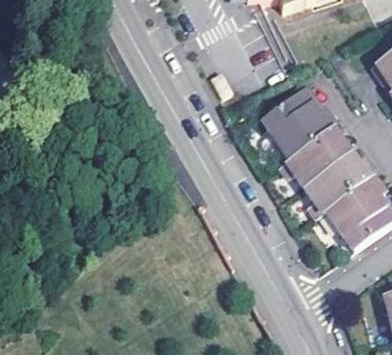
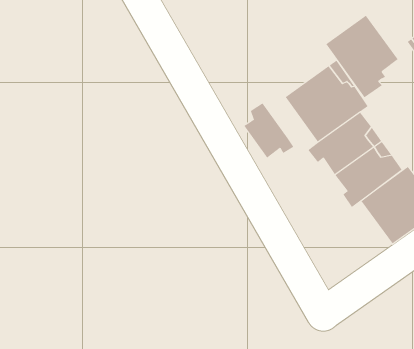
building: none -> [325,15,398,98]
building: none -> [244,102,294,158]

